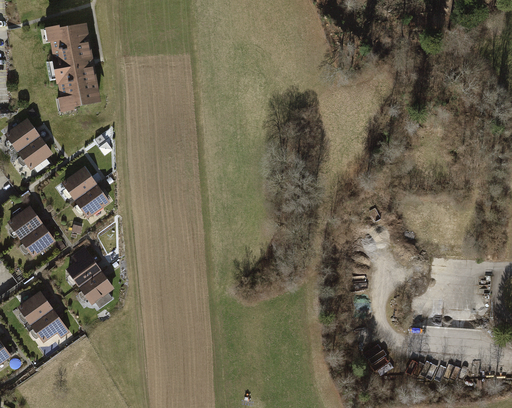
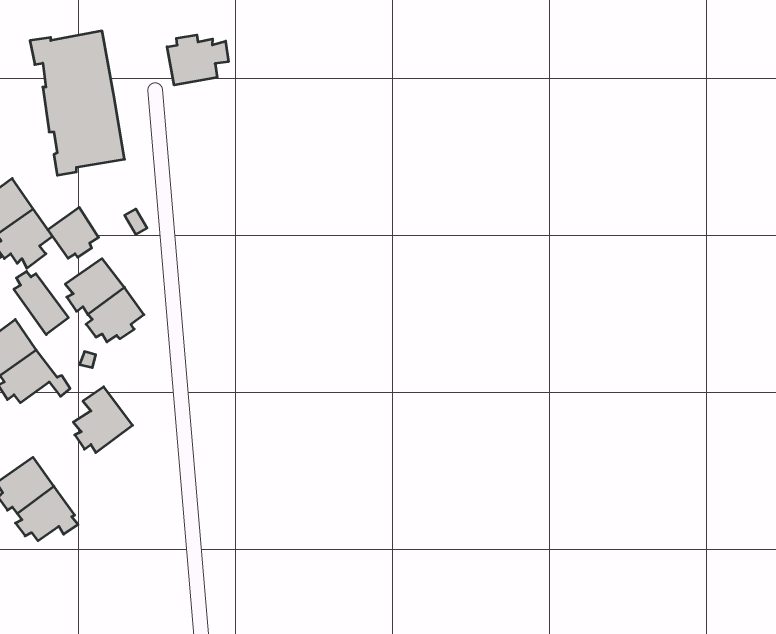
building: none -> [167,35,228,85]
building: none -> [48,207,99,258]
building: none -> [14,271,68,335]
building: [79,269,115,308] -> none

